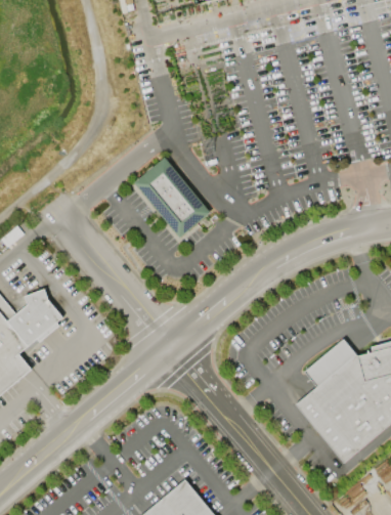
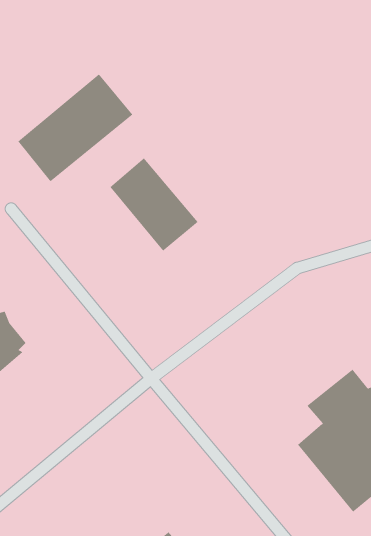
building: none -> [18,73,133,182]

